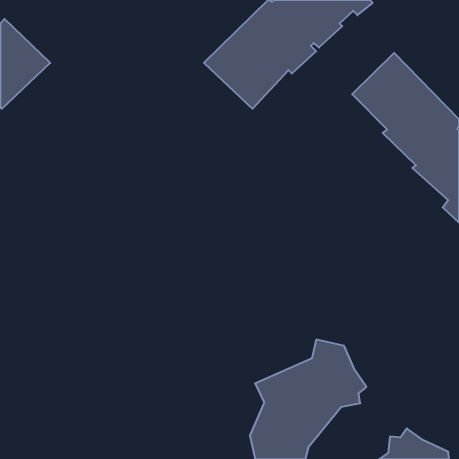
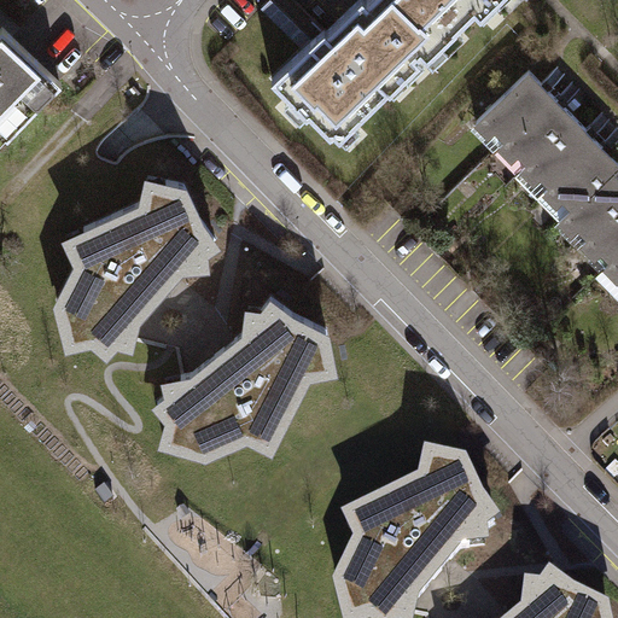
building: none -> [58,173,212,348]
building: none -> [154,292,332,450]

